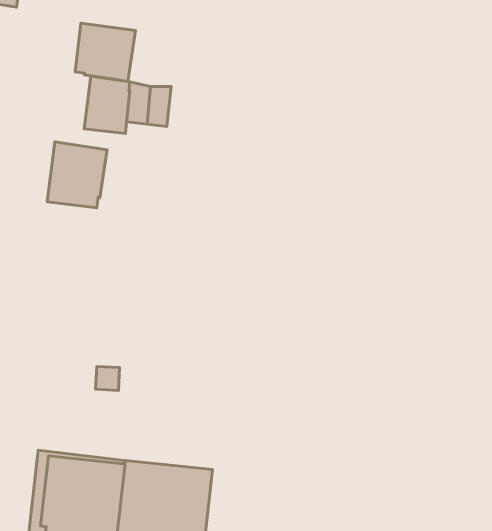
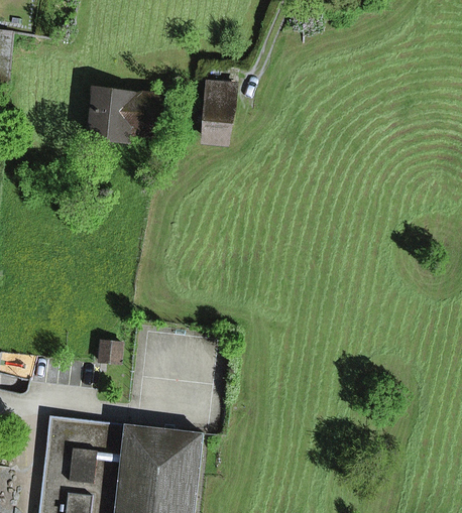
building: [75,23,135,82] -> none
building: none -> [203,82,234,139]
building: [47,142,107,208] -> none

